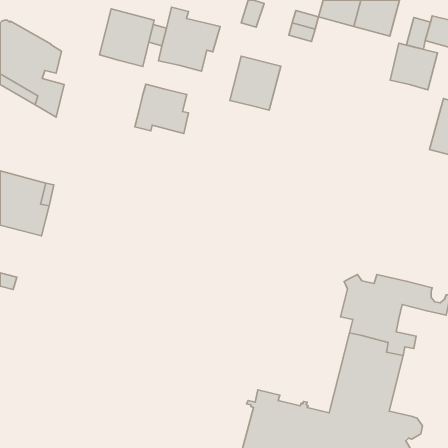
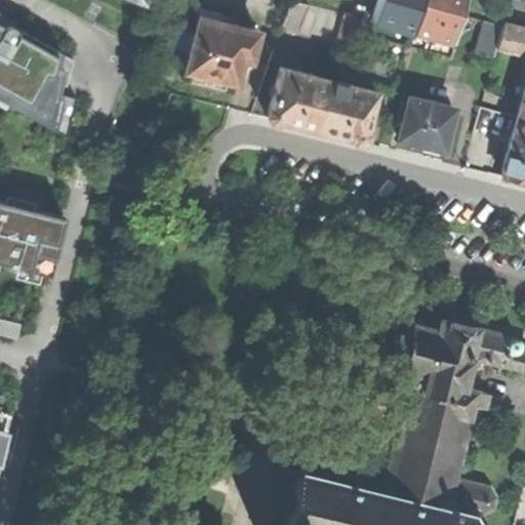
building: [100,9,154,66] -> none
building: [390,43,438,90] -> [400,96,455,151]
building: none -> [316,79,375,143]
building: [135,84,188,133] -> none

